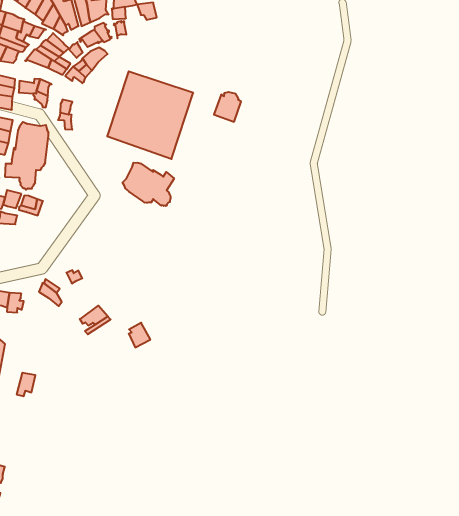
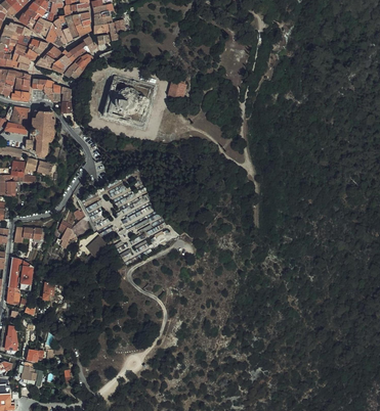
building: [123,163,174,206] -> none

